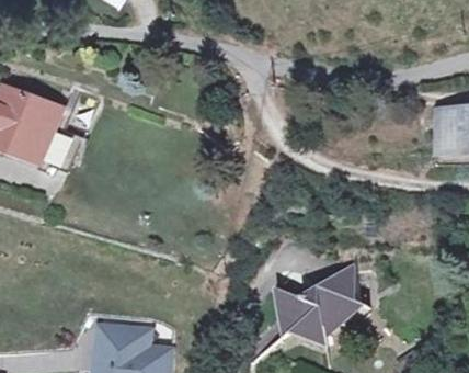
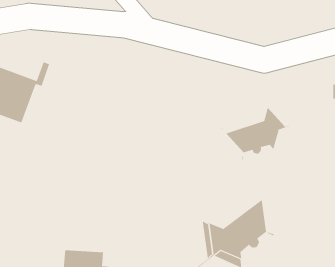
building: none -> [219,101,317,164]

